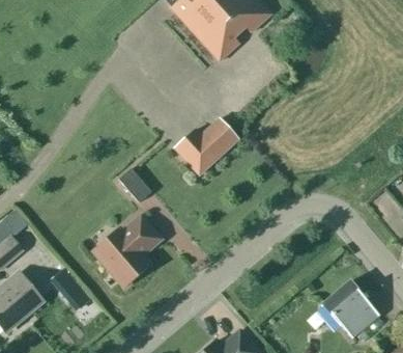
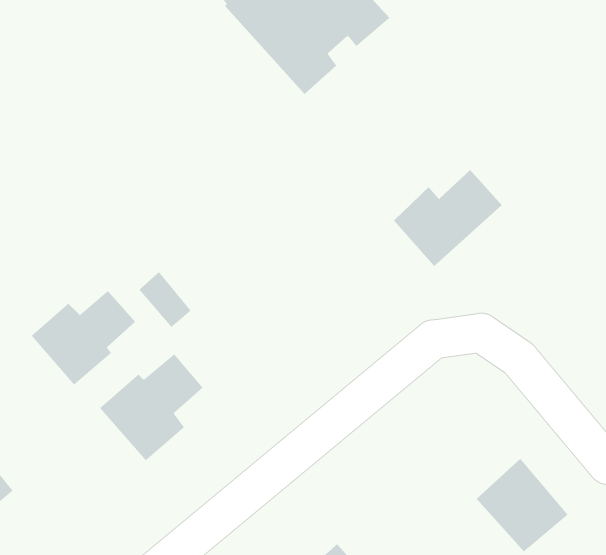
building: [173,115,239,174] -> [393,169,503,267]
building: none -> [31,290,136,386]

